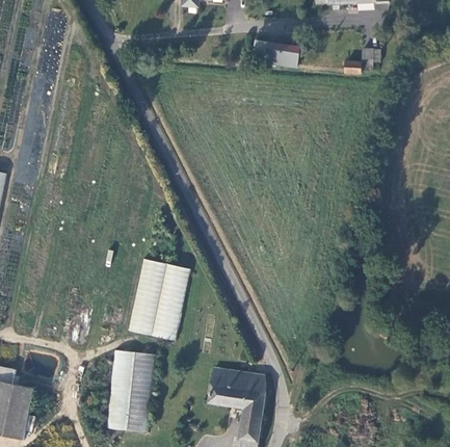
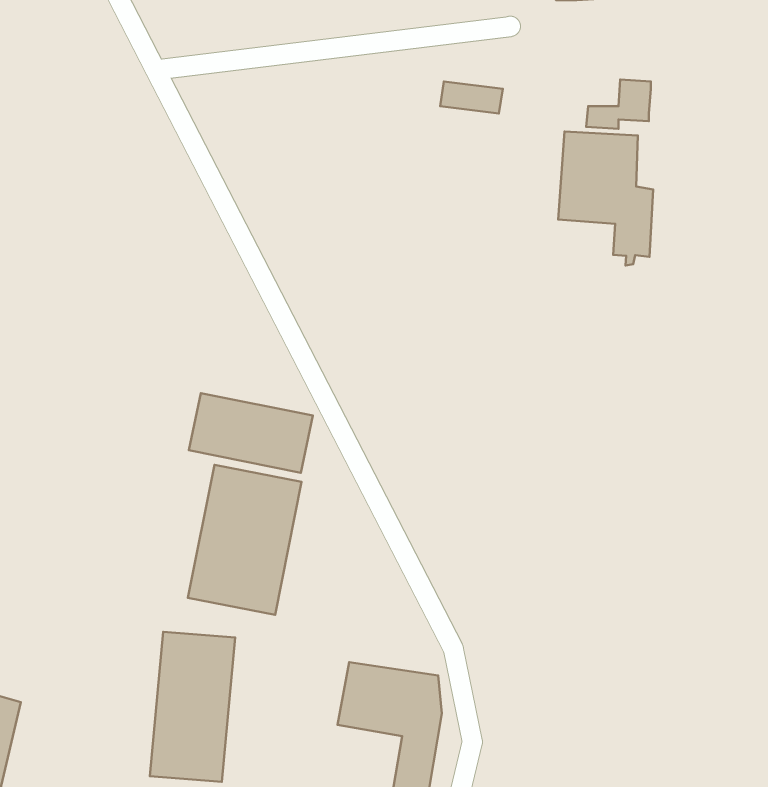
building: none -> [558,131,653,266]
building: none -> [189,393,313,473]

